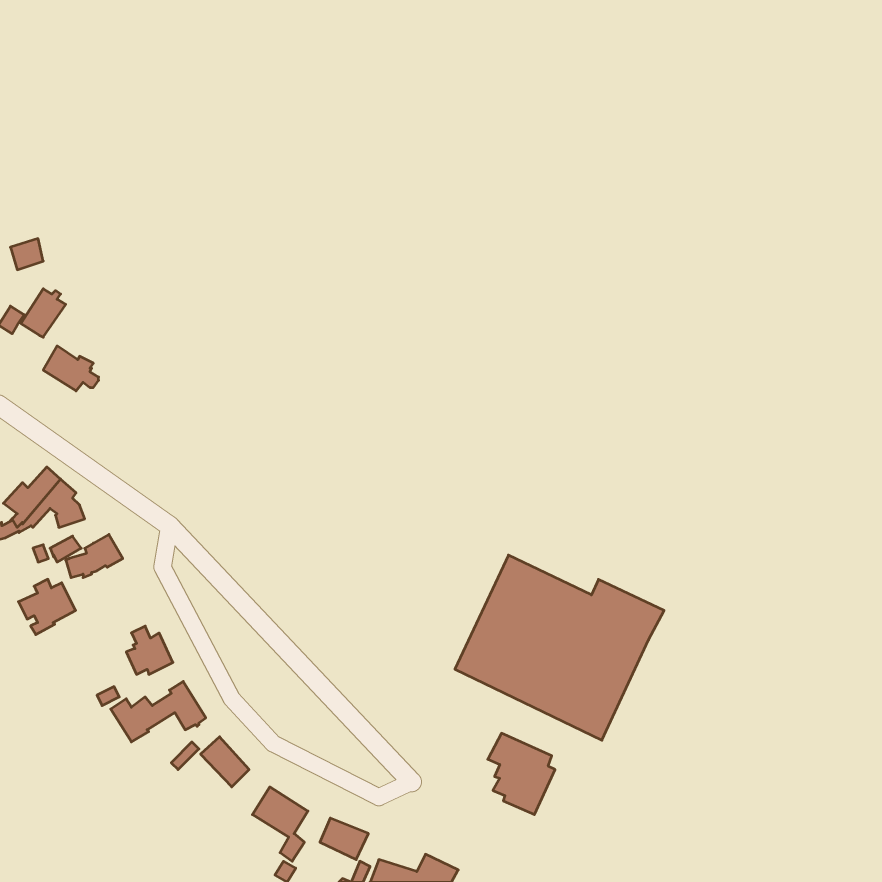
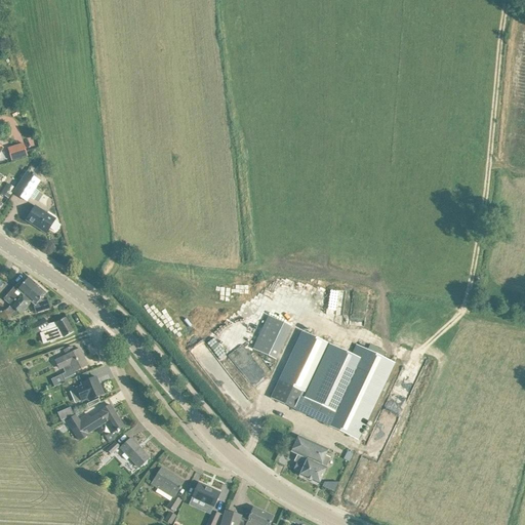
building: none -> [251,314,290,359]
building: [18,579,76,635] -> [53,346,87,378]

